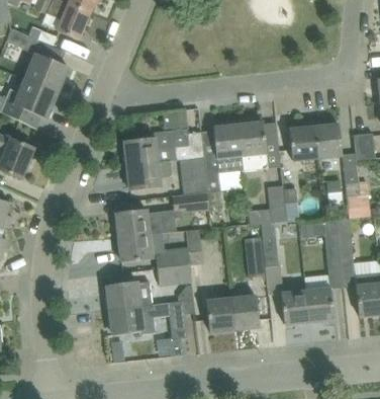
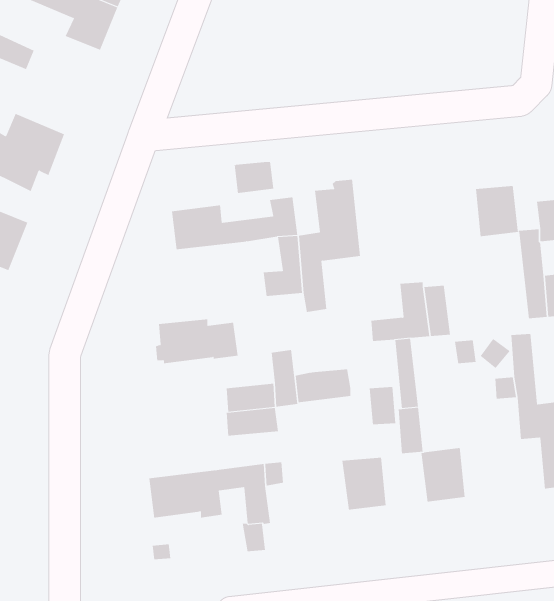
building: [25,53,68,92] -> none
building: [238,119,268,169] -> none
building: [289,127,317,159] -> none
building: [126,160,172,190] -> none
building: [173,192,208,214] -> [295,369,351,403]
building: [118,233,153,261] -> none
building: [305,273,332,321] -> none
building: [106,280,152,309] -> none
building: [206,298,234,331] -> none

